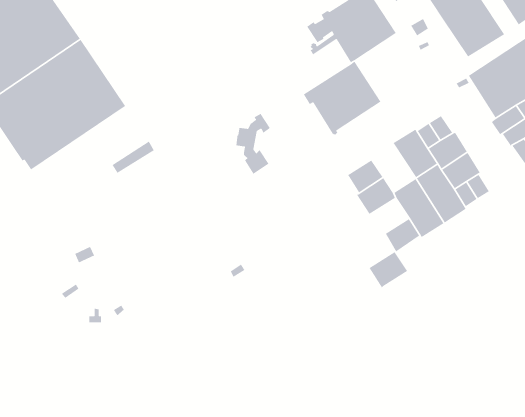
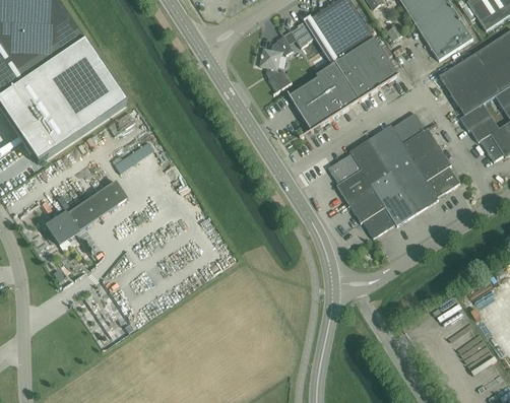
building: none -> [335,38,399,100]
building: [235,113,271,175] -> [260,36,293,92]
building: none -> [349,138,391,184]
building: none -> [47,181,127,245]
building: [368,251,408,289] -> [348,189,385,223]

